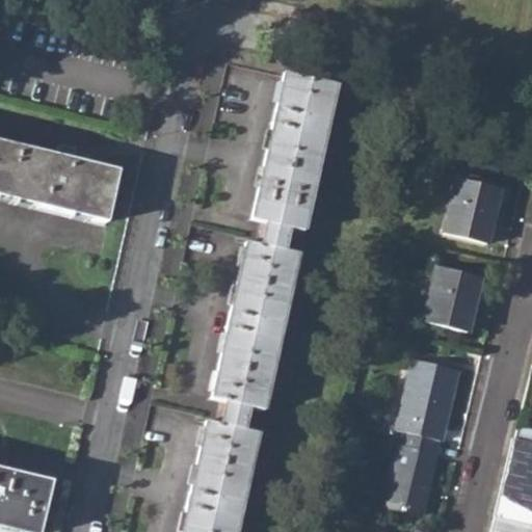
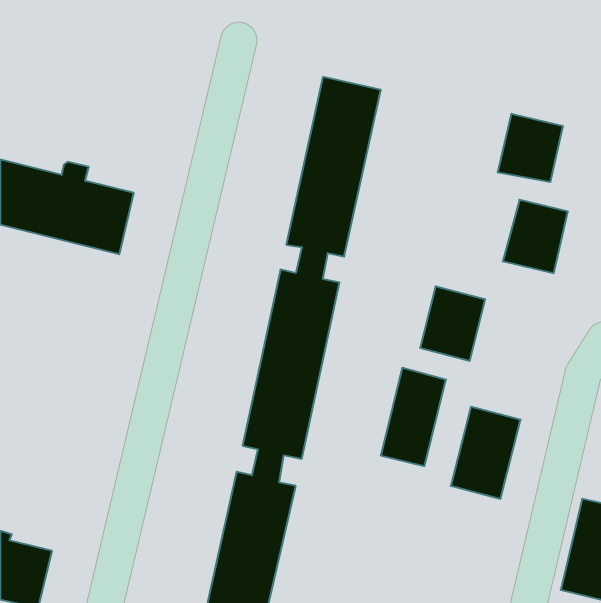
building: none -> [498,114,563,182]
building: [424,262,481,327] -> [420,286,485,361]
building: [385,429,443,515] -> [381,368,446,466]

